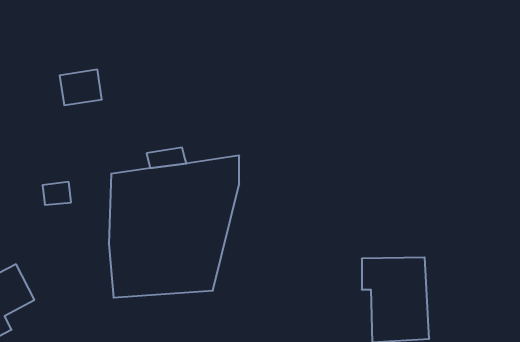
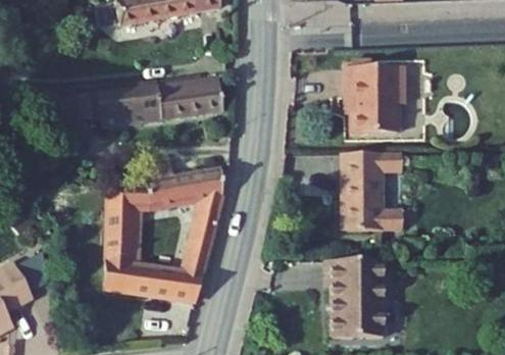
building: none -> [344,61,408,131]
building: none -> [112,74,222,122]
building: none -> [346,156,406,232]

